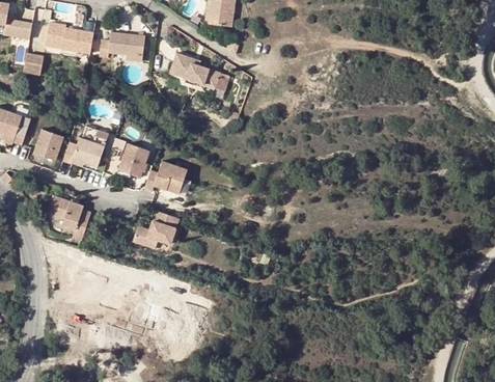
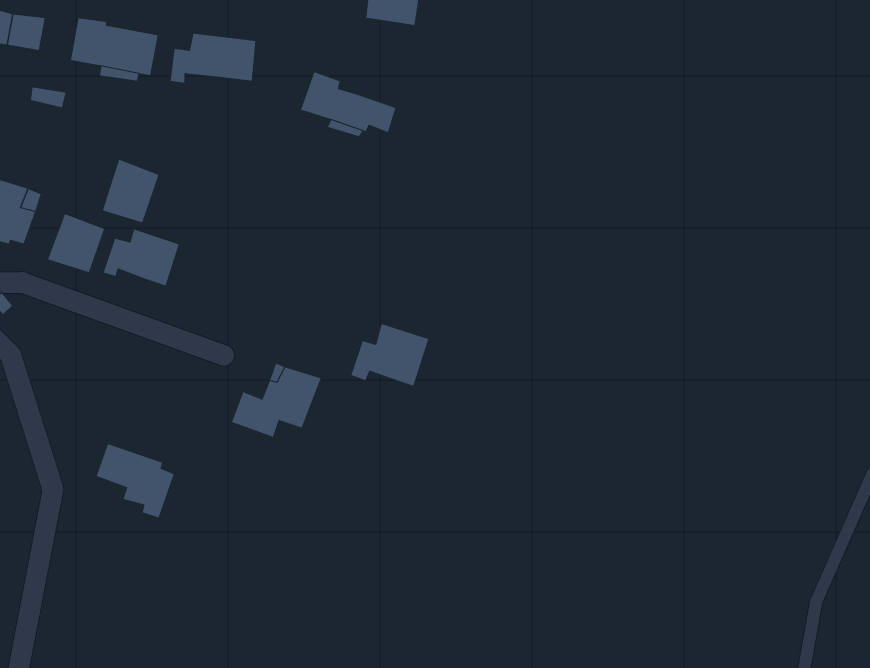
building: none -> [102,159,159,223]
building: [118,143,148,176] -> none
building: [144,160,187,194] -> [351,323,429,387]
building: [47,195,89,236] -> [96,443,174,518]

